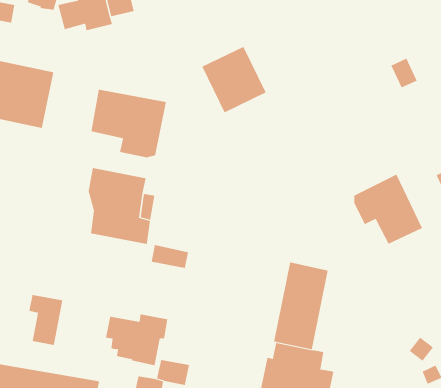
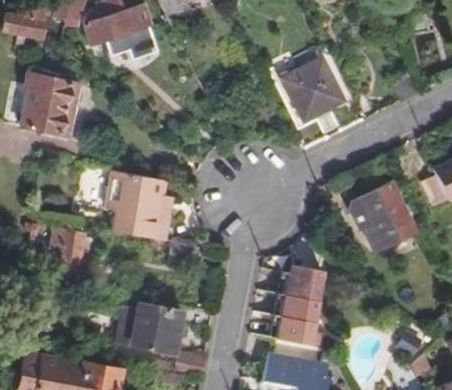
building: [201,46,267,113] -> [281,58,341,120]
building: [91,89,167,158] -> none
building: [29,295,63,346] -> [51,231,83,278]

